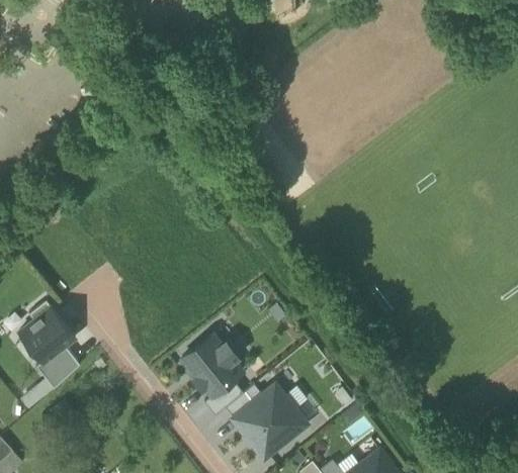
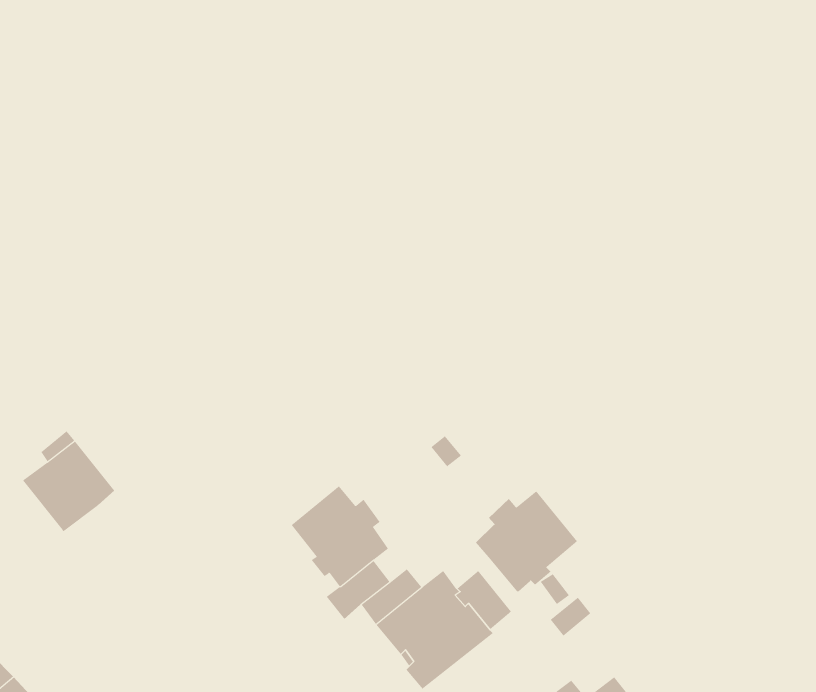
building: none -> [475,490,578,592]
building: [36,347,80,389] -> none

